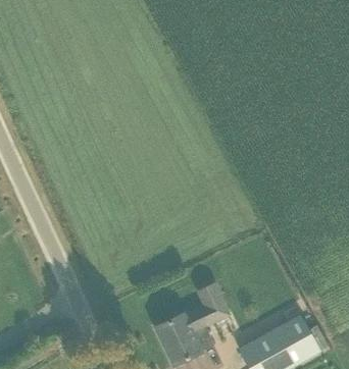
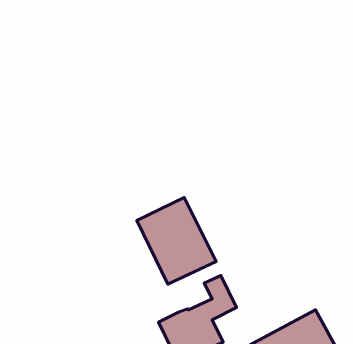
building: none -> [137,198,216,284]

